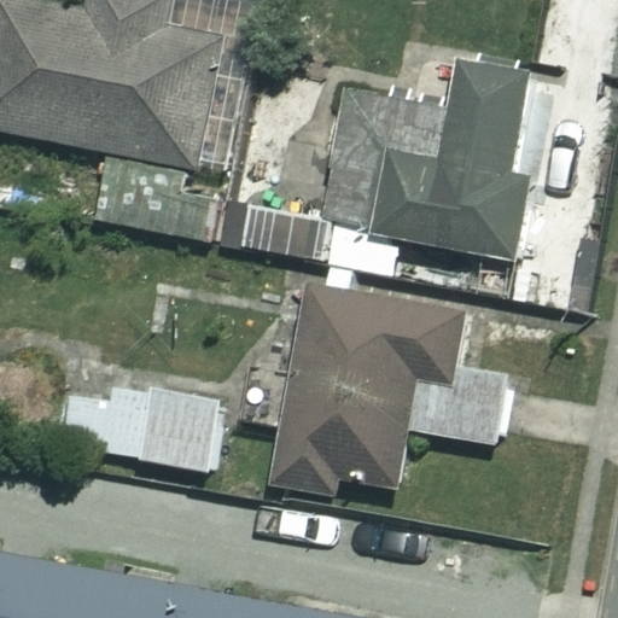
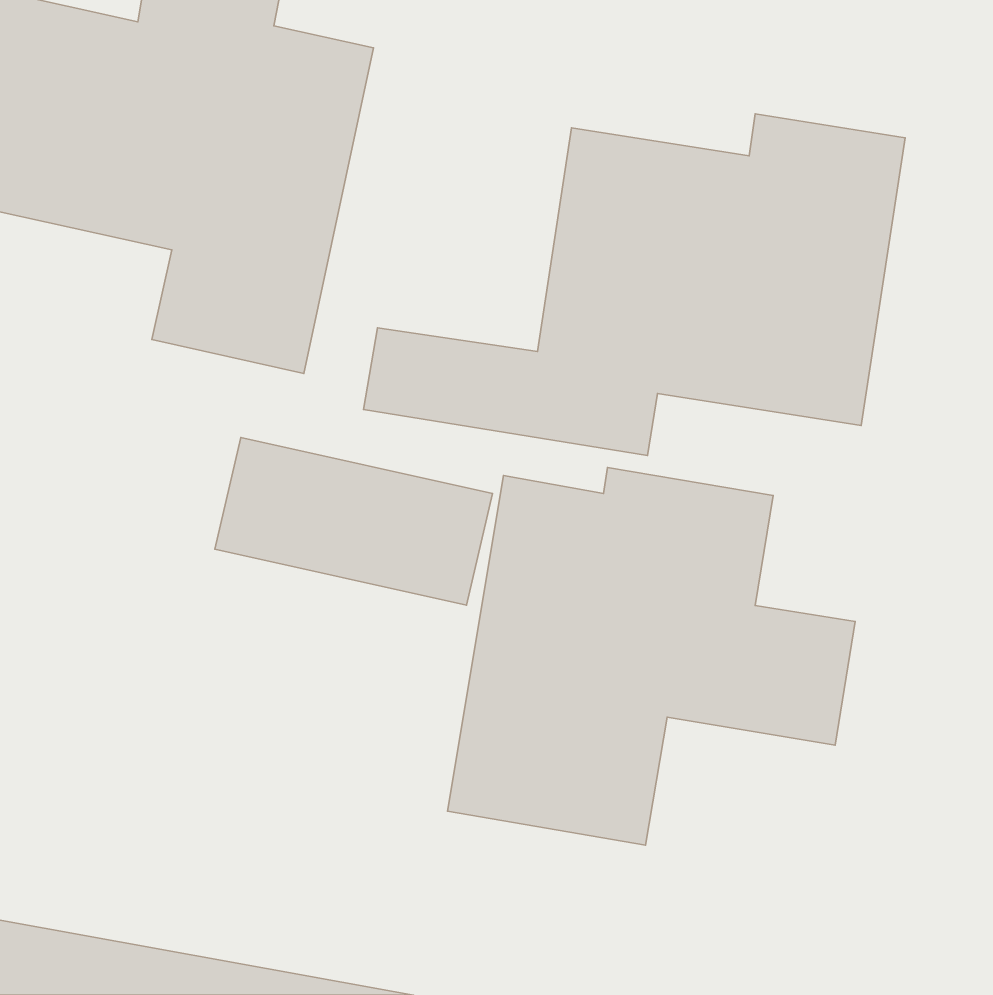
building: [56,371,223,472] -> [215,437,492,605]

